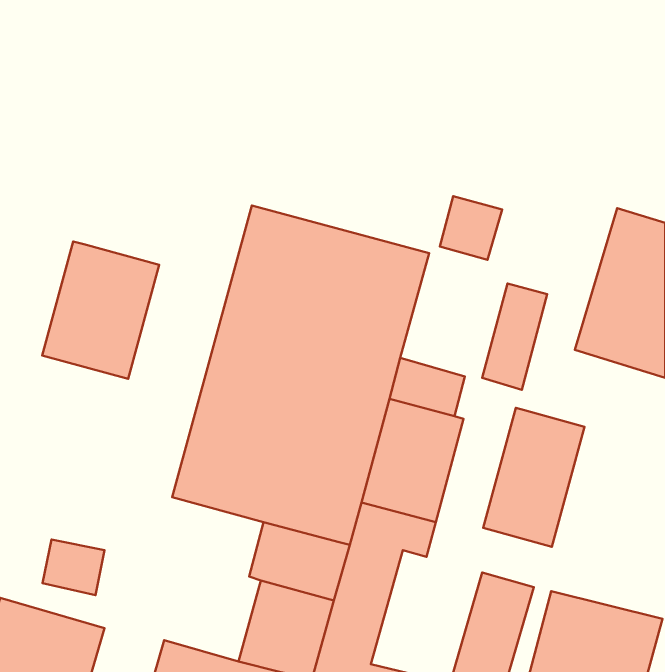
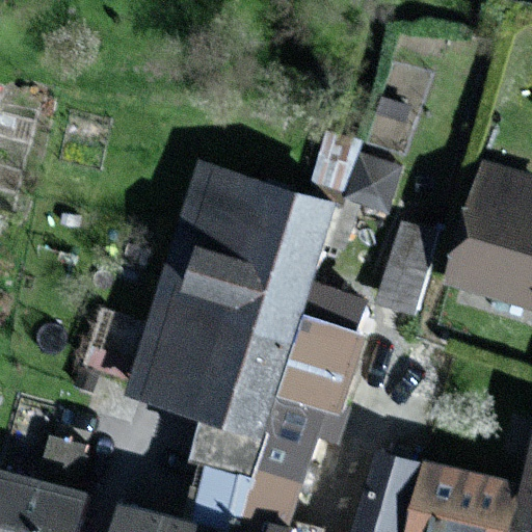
building: [42,241,159,379] -> none
building: [483,408,584,547] -> none

